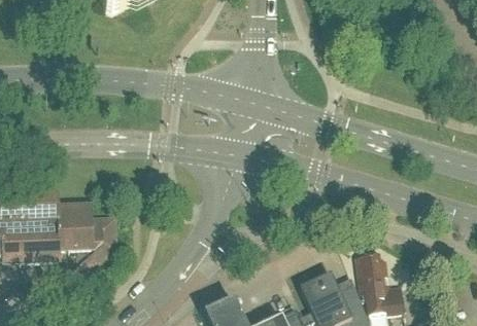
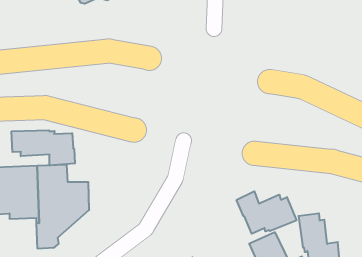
building: none -> [12,130,75,166]
building: none -> [237,191,296,234]

